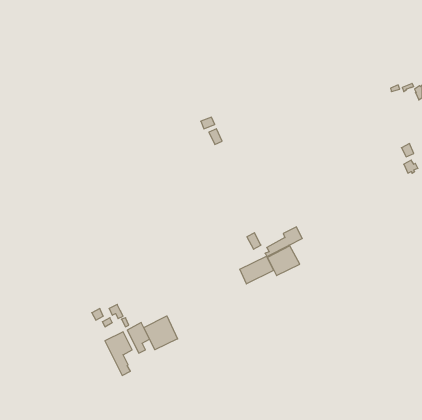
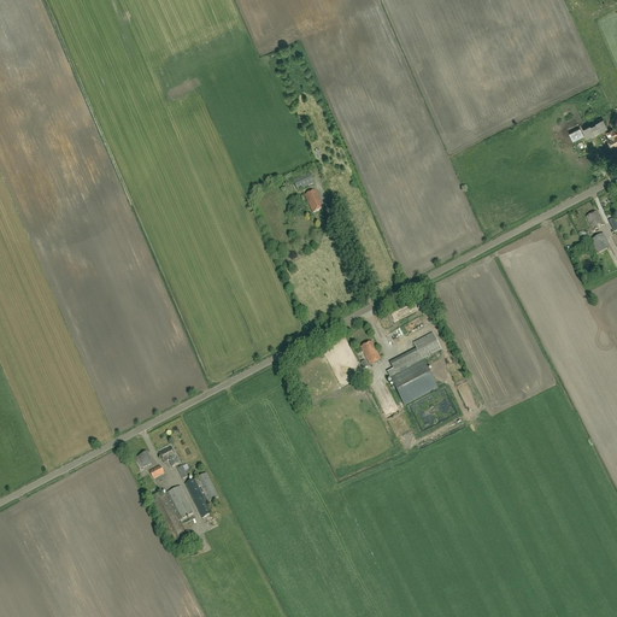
building: [240,256,274,284] -> none
building: [144,316,178,350] -> none

